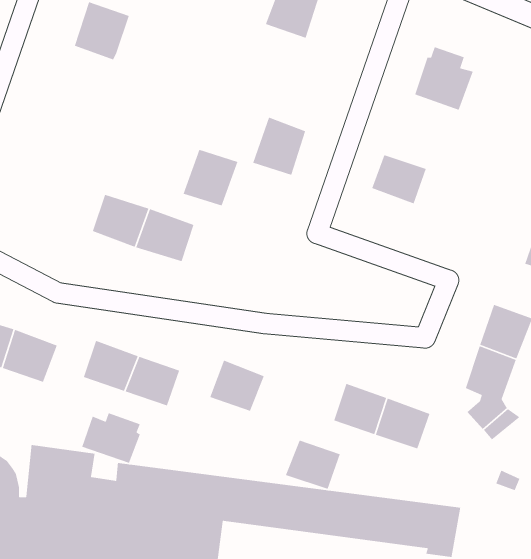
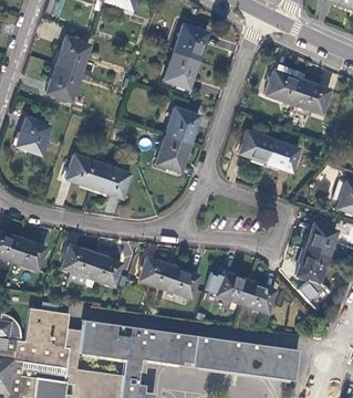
building: none -> [163,51,198,88]
building: none -> [45,64,80,101]
building: none -> [292,80,329,114]
building: none -> [14,117,50,154]
building: [183,149,238,207] -> [155,136,189,171]
building: none -> [264,139,298,170]
building: [81,412,141,464] -> none
building: [285,439,341,490] -> [164,266,198,297]

